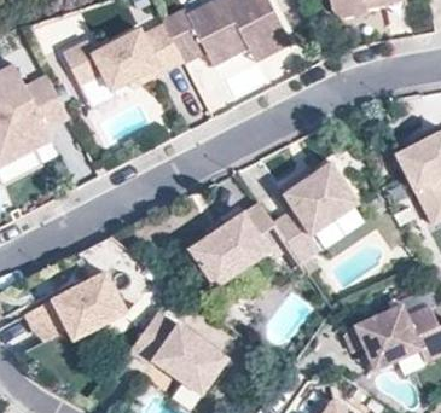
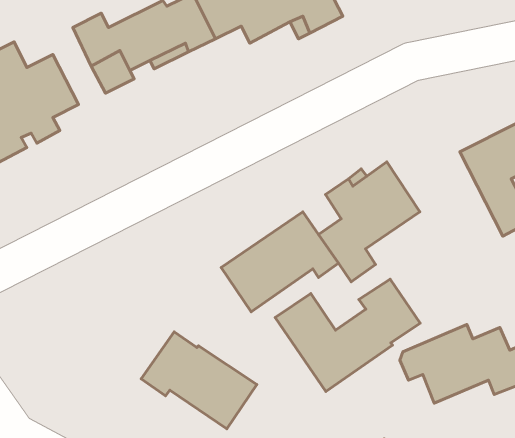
building: none -> [275,279,420,391]
building: [24,273,127,341] -> none

